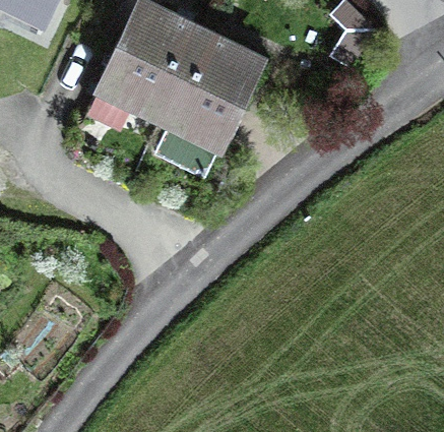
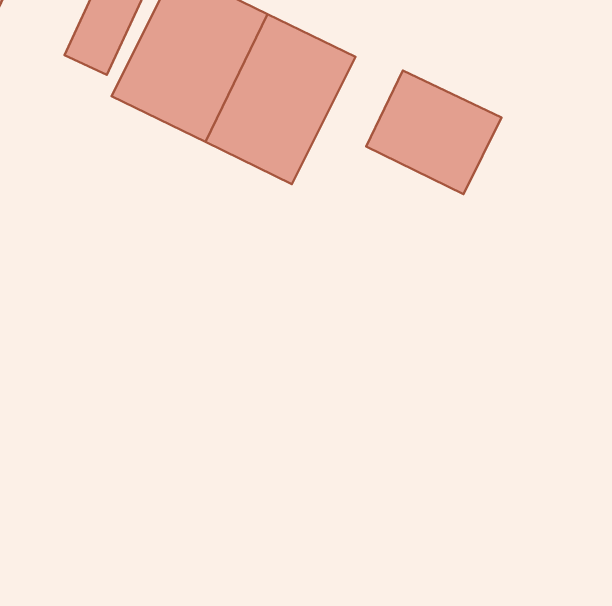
building: none -> [366,70,501,194]

